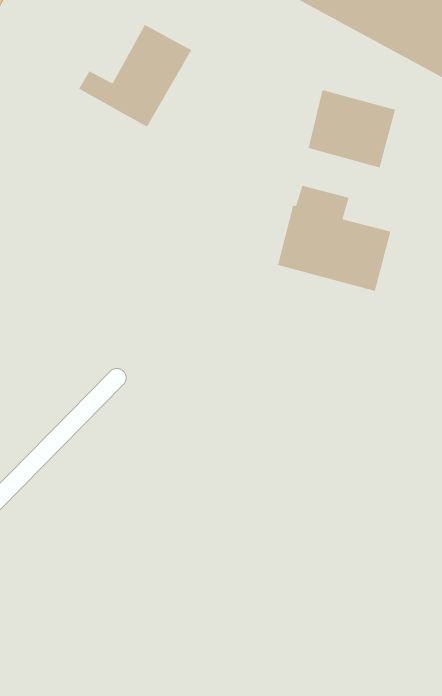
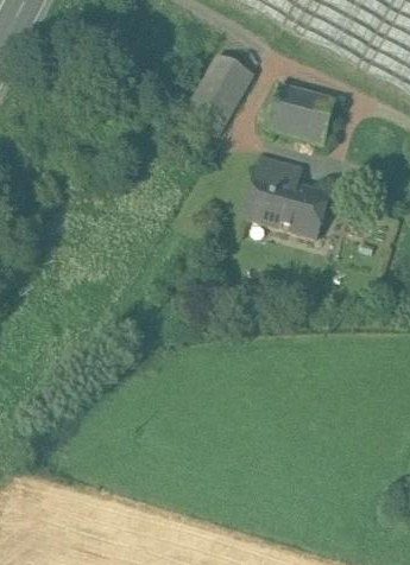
building: [78,24,192,127] -> [168,50,256,129]

